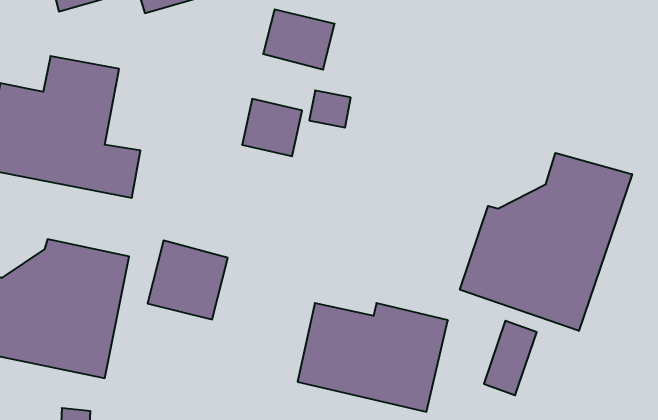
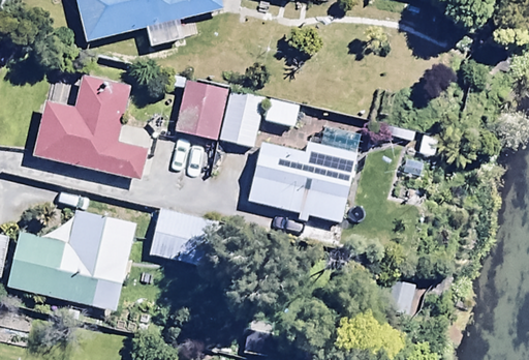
building: [263,9,335,70] -> [172,97,223,141]
building: [460,153,632,331] -> none
building: [298,303,448,412] -> [248,143,356,221]

